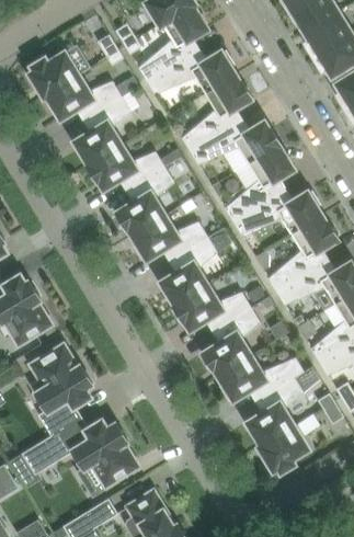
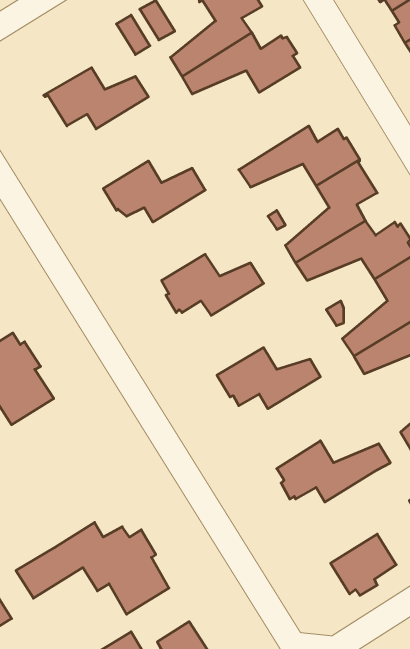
building: [30,52,79,95] -> none
building: [182,75,252,151] -> none
building: [75,96,132,165] -> none
building: [116,167,174,235] -> none
building: [160,237,217,306] -> none
building: [202,307,262,376] -> none
building: [32,344,92,435] -> none
building: [247,377,304,447] -> none

